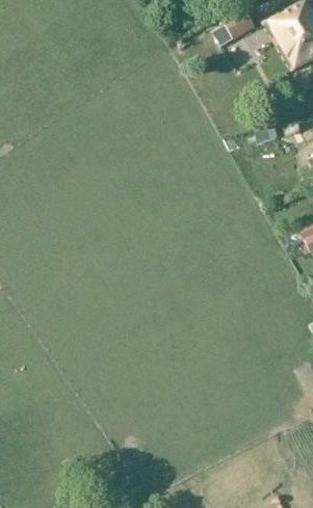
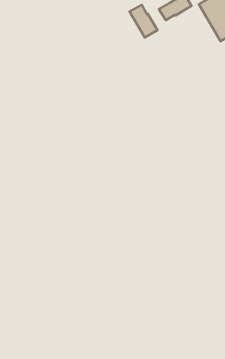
building: none -> [129,5,158,38]

